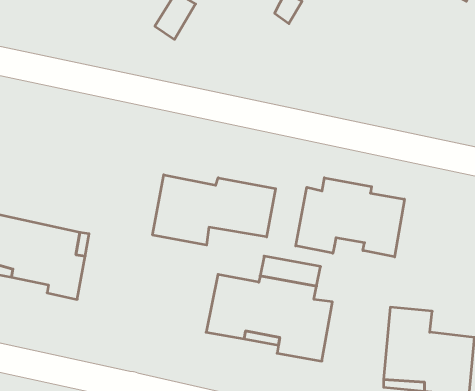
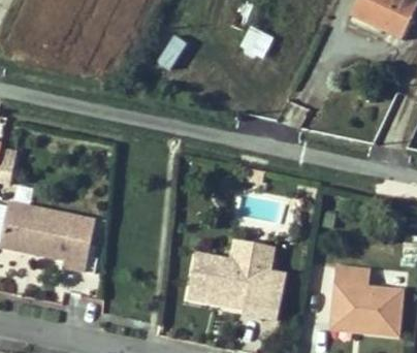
building: [153,175,276,245] -> none
building: [296,178,404,257] -> none

